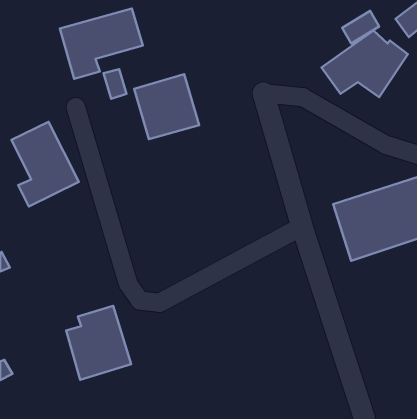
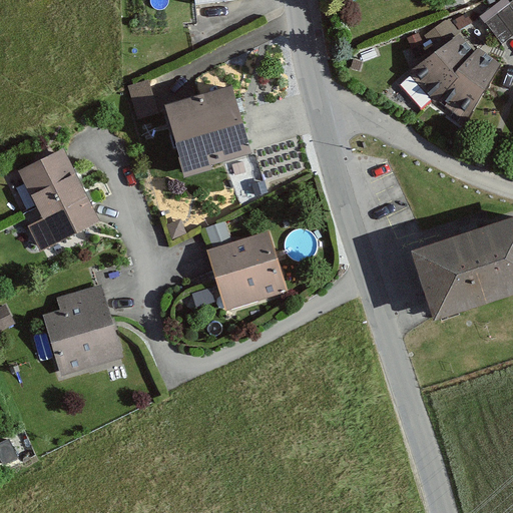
building: [60,8,143,79] -> none
building: none -> [207,231,285,309]
building: [66,306,131,380] -> [43,285,122,375]

